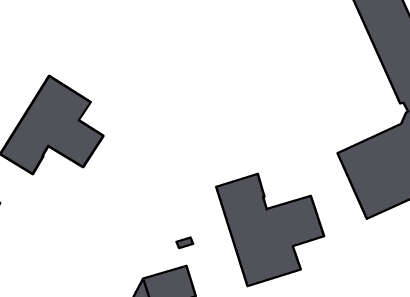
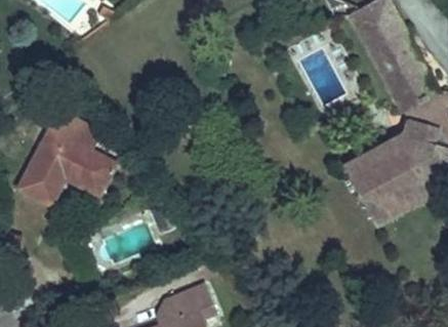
building: [216,174,324,286] -> none

